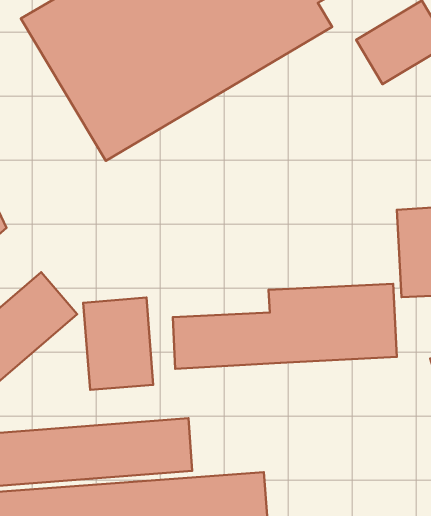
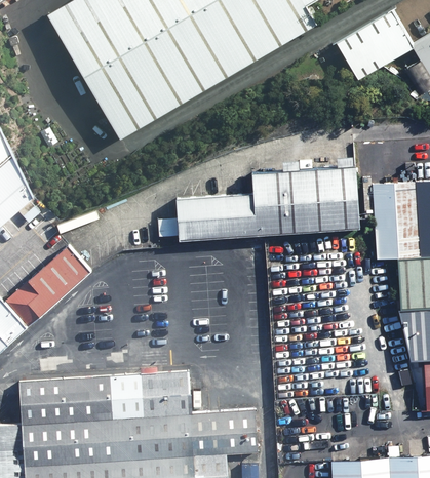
building: [173,284,397,369] -> [173,166,365,239]
building: [83,298,153,390] -> none

